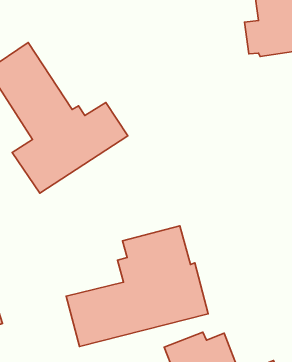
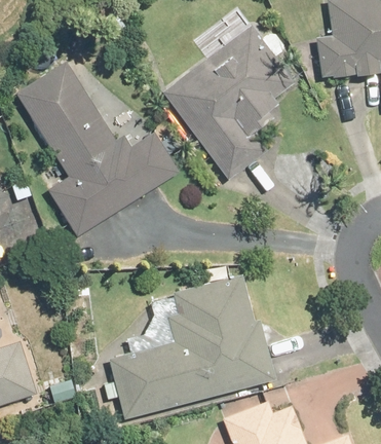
building: none -> [157,23,297,186]

